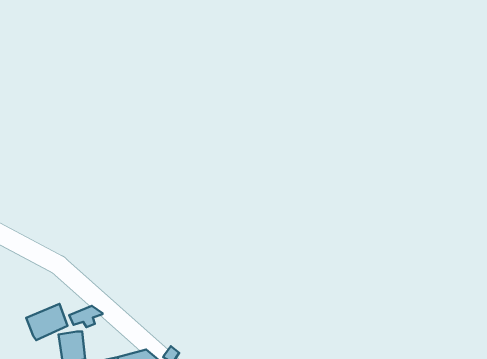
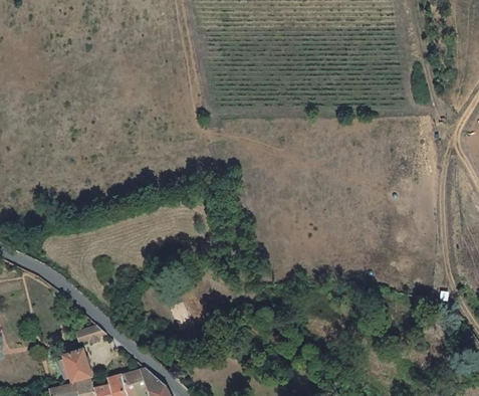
building: [26,304,68,340] -> none

